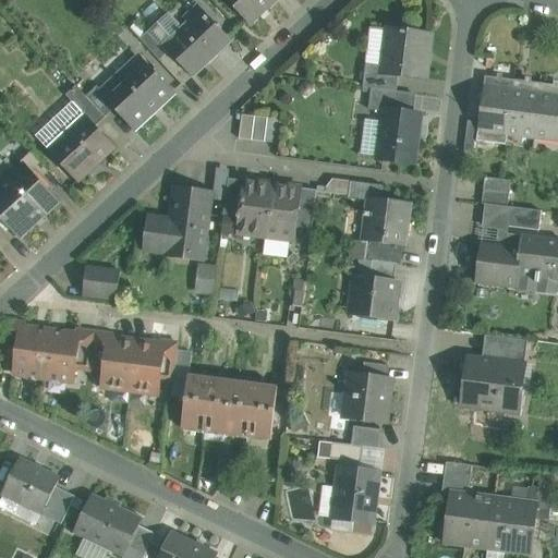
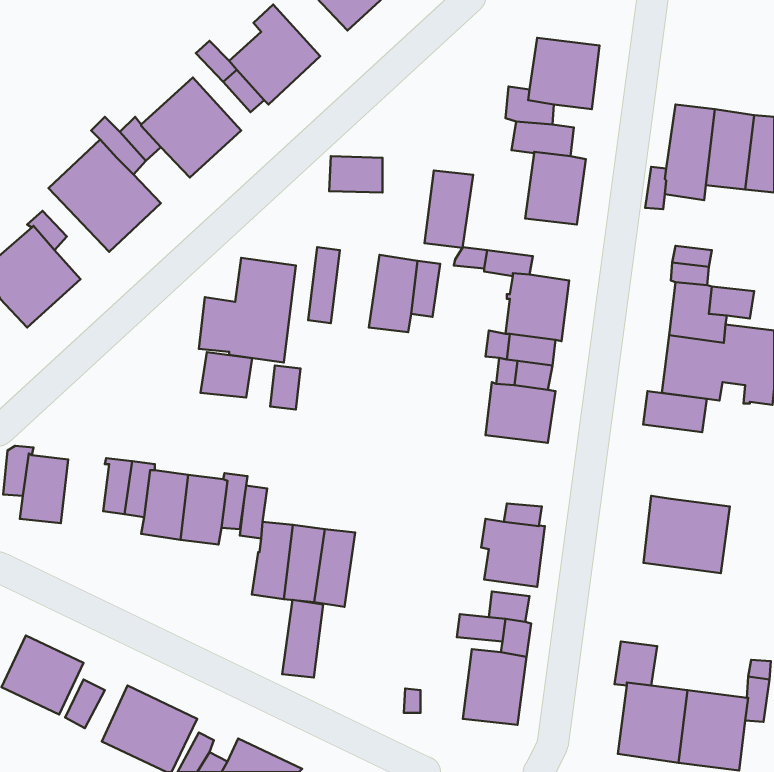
building: [238,180,272,235] -> [425,170,473,248]
building: [83,266,120,299] -> [201,352,252,398]
building: [44,330,78,380] -> none
building: [482,335,527,364] -> [643,391,707,432]
building: [247,383,277,438] -> [282,600,323,677]

